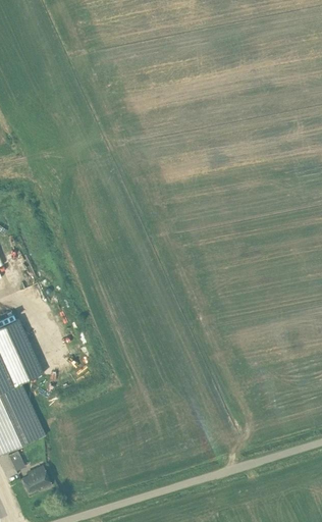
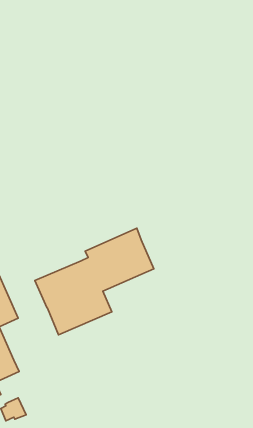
building: none -> [35,228,154,335]

